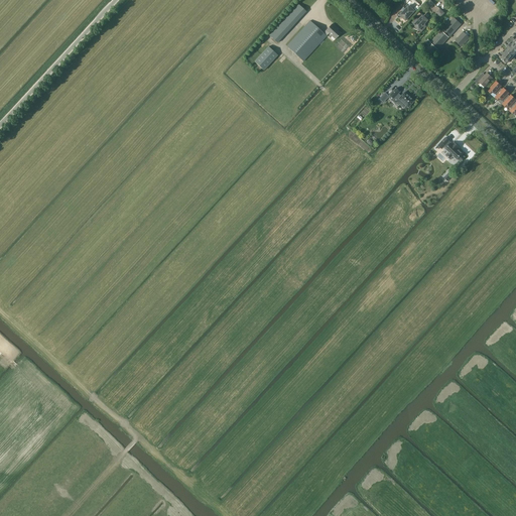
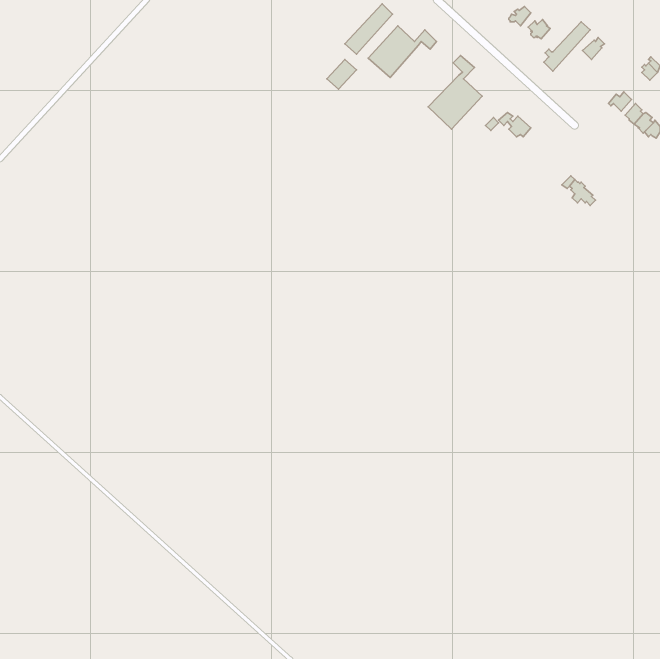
building: none -> [428,56,482,129]

